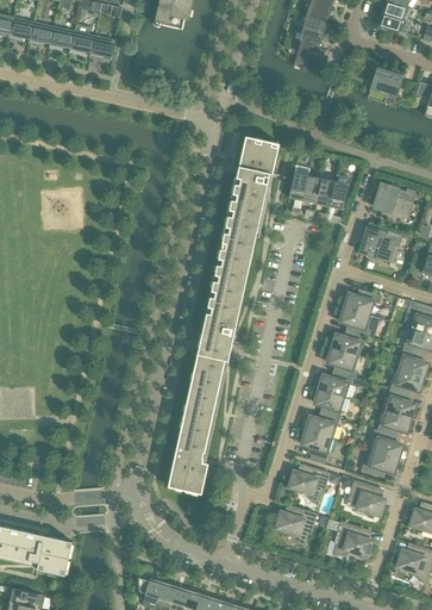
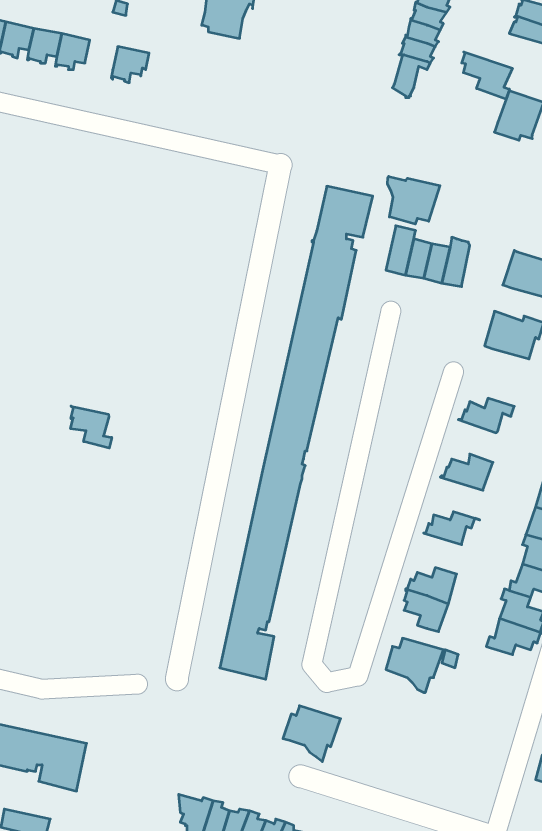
building: [69,24,94,57] -> none
building: none -> [462,52,512,99]
building: none -> [387,176,440,224]
building: none -> [71,406,112,448]
building: [340,306,371,338] -> none
building: [327,348,358,379] -> none
building: [314,388,343,418] -> none
building: [348,481,386,517] -> none
building: [275,505,317,546] -> [283,706,341,762]
building: [333,522,372,558] -> none

